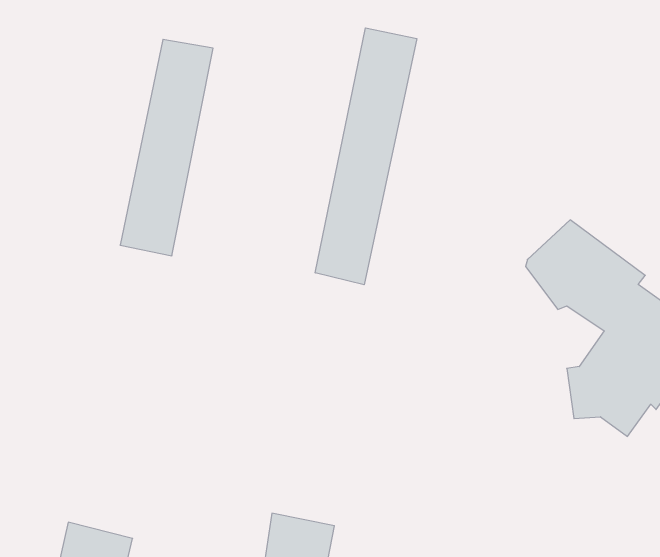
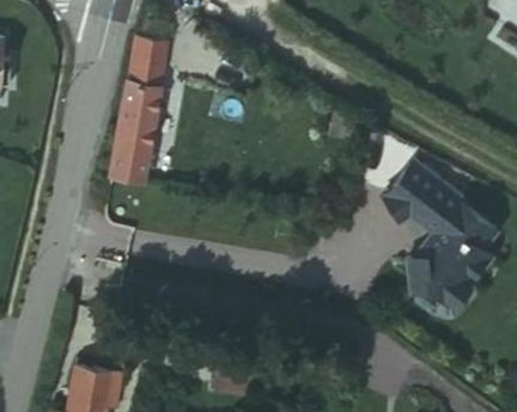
building: [315,28,417,285] -> none

